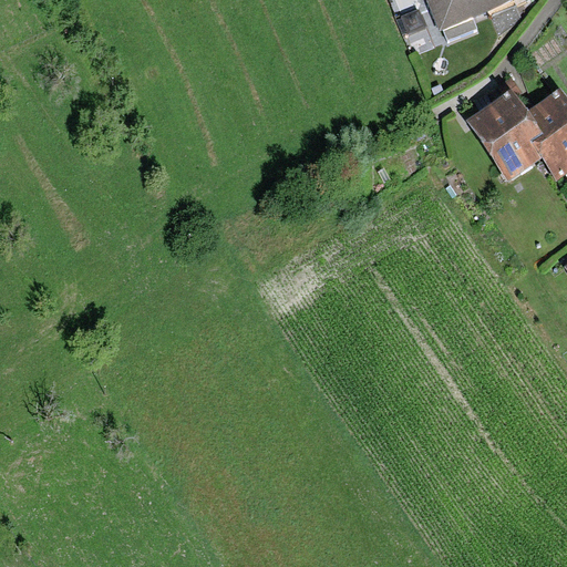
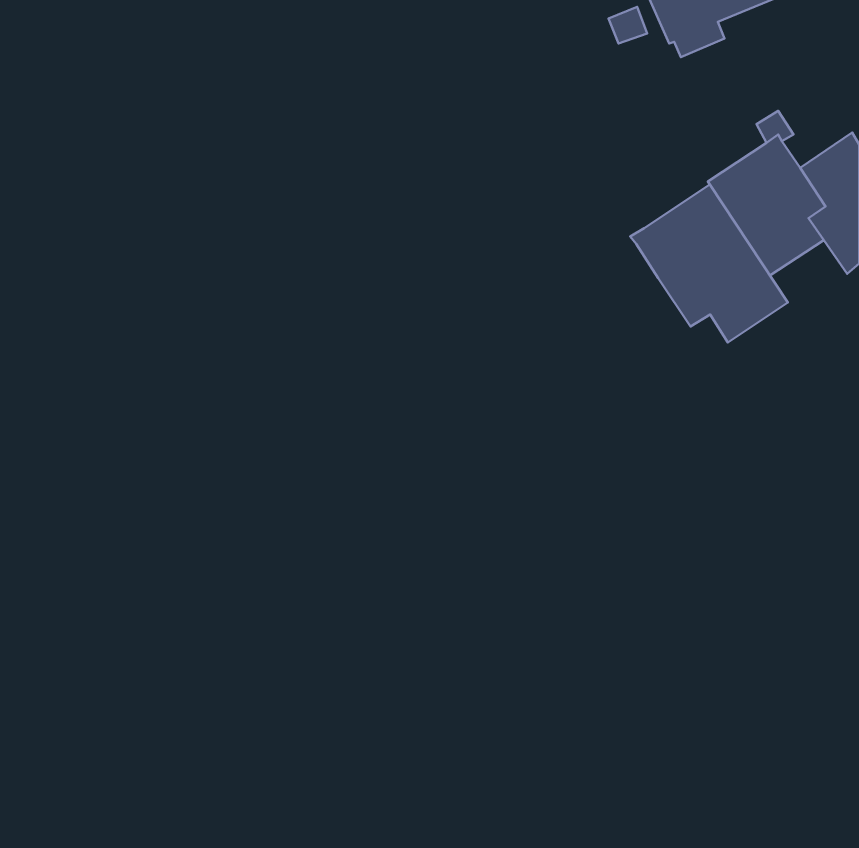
building: none -> [630,184,788,343]

